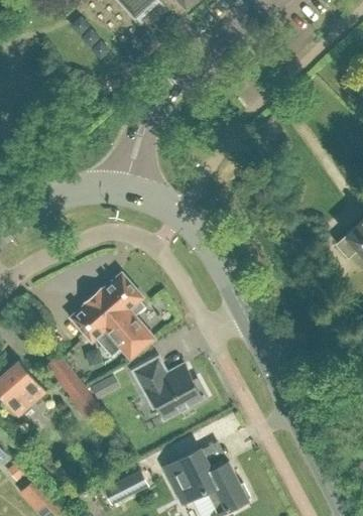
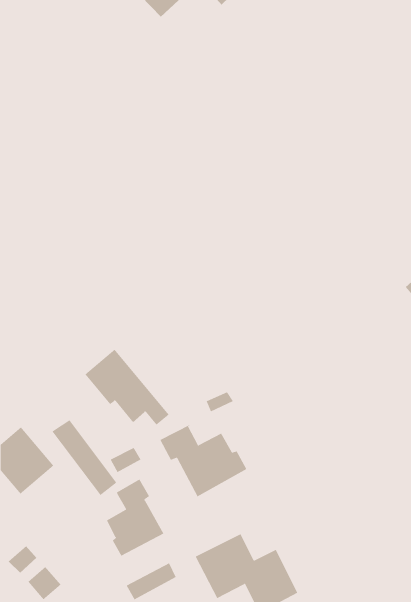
building: [96,273,154,350] -> none
building: none -> [106,479,164,557]

